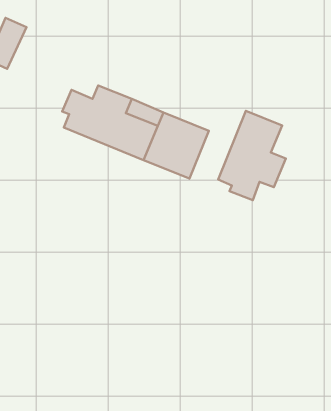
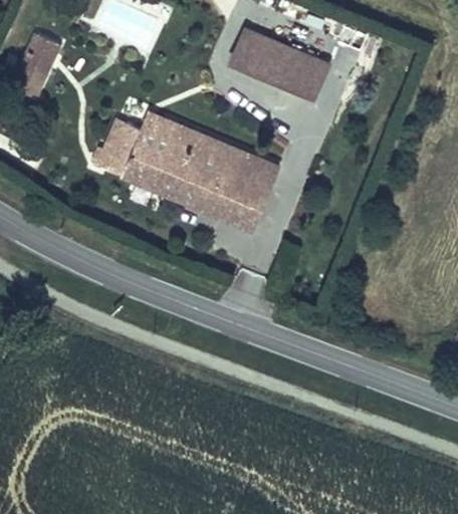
building: none -> [230,27,326,96]
building: [218,111,286,200] -> none

